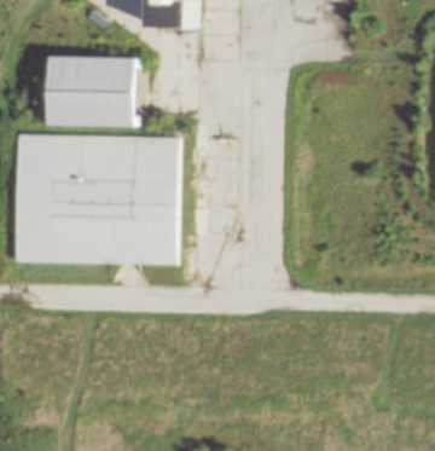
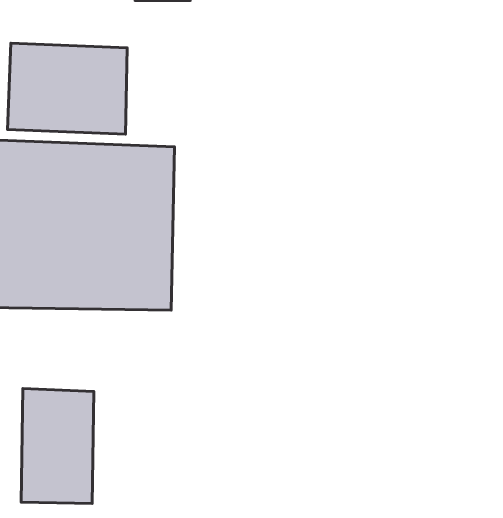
building: none -> [21,388,94,504]

